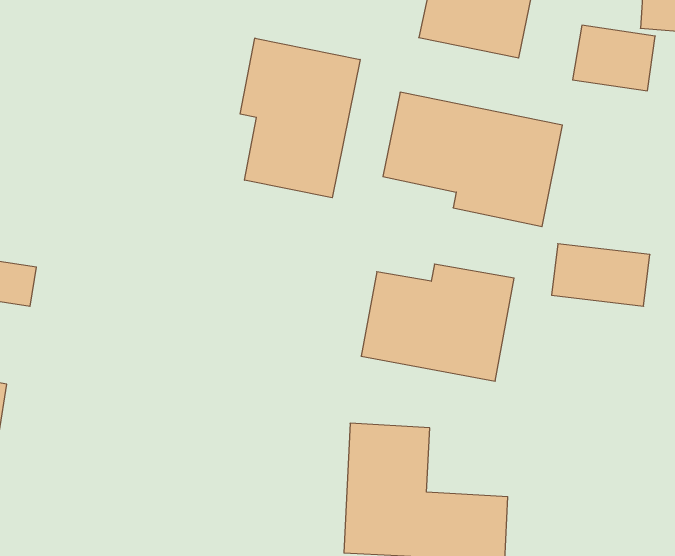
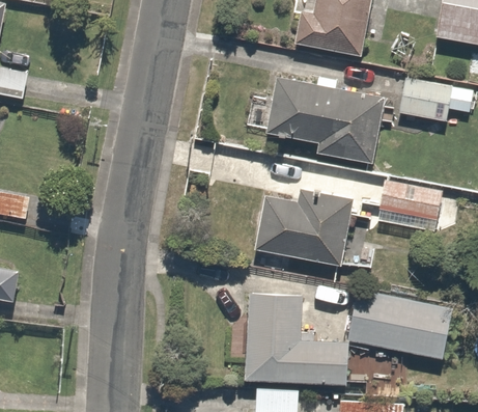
building: [573,25,655,91] -> [398,77,453,120]
building: [240,38,360,198] -> none
building: none -> [352,287,457,354]

